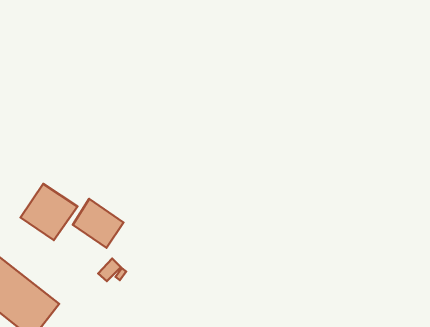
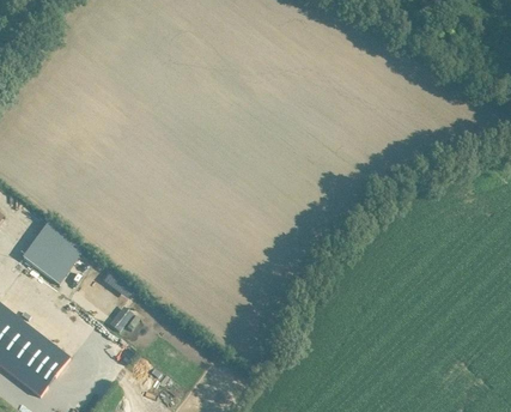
building: [73,199,123,248] -> none

